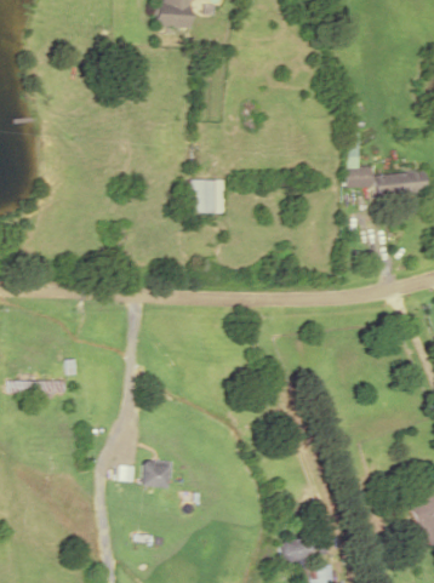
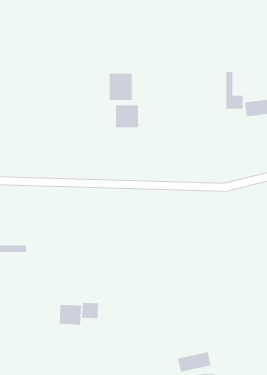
building: none -> [109,73,132,101]
building: none -> [59,304,82,325]

